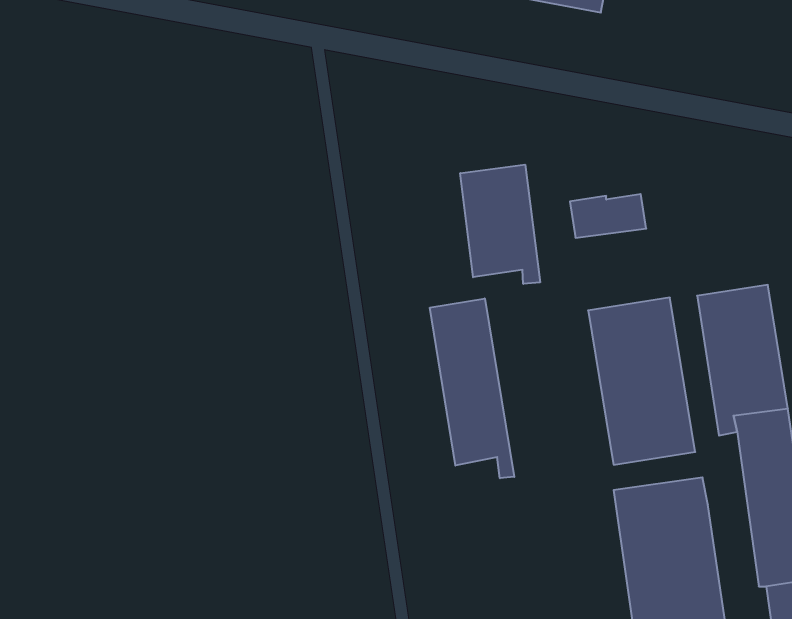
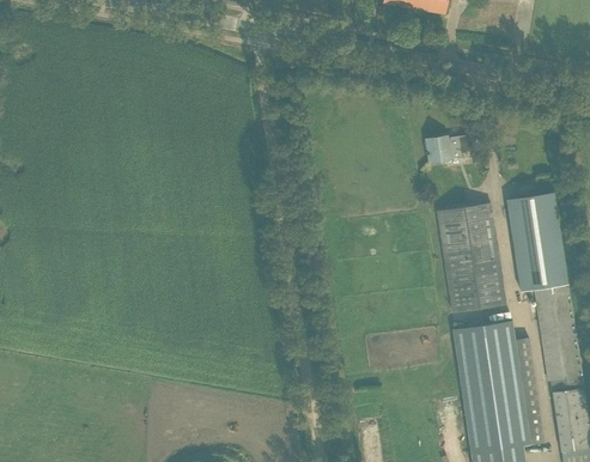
building: [460,165,540,284] -> none
building: [430,298,514,478] -> none

